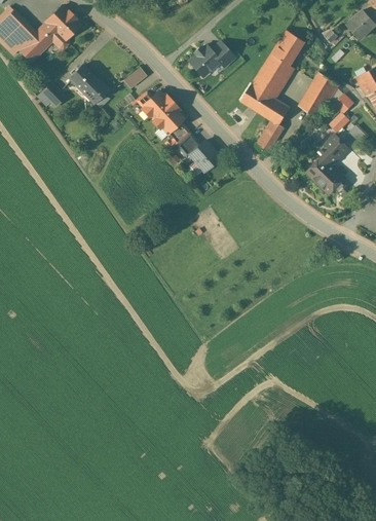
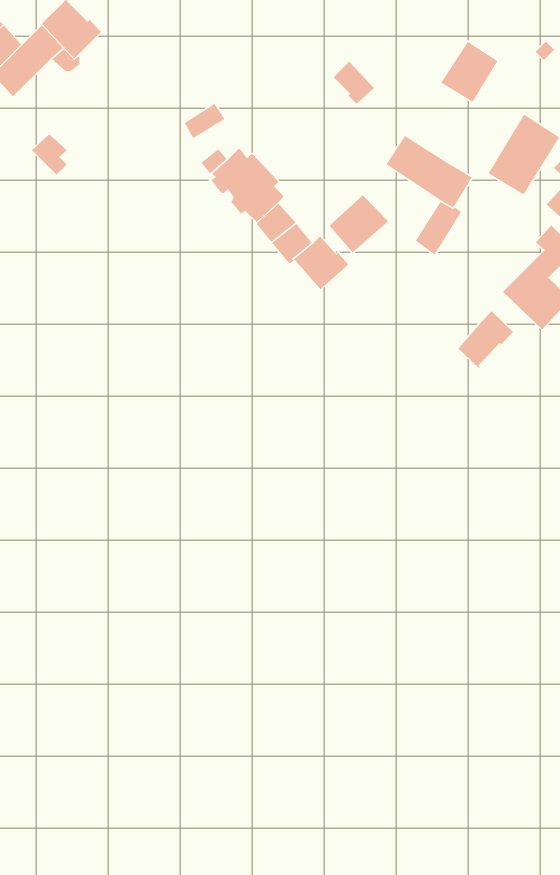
building: [189,46,220,77] -> none
building: [252,54,294,99] -> none
building: [69,66,108,104] -> none
building: none -> [328,195,389,254]
building: none -> [456,310,514,369]

